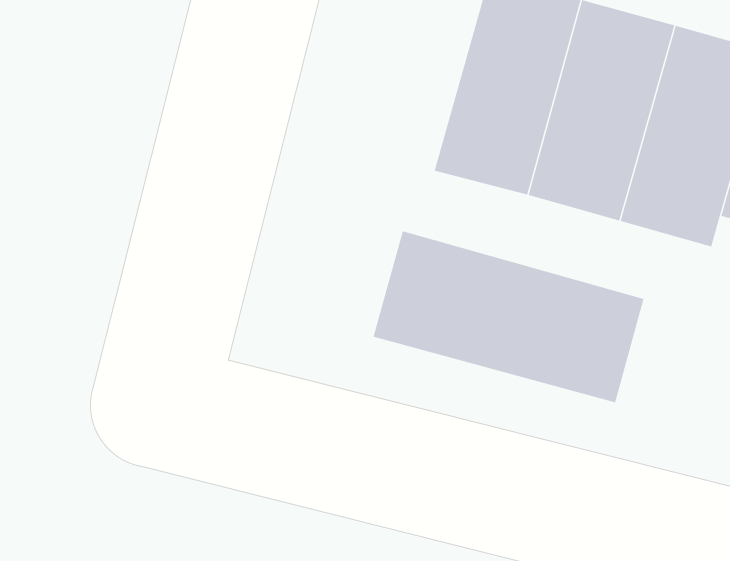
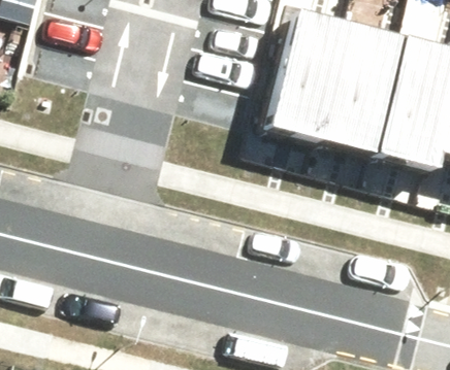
building: [373,231,644,403] -> none

